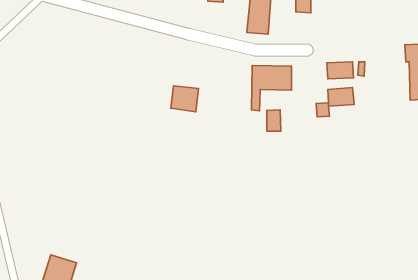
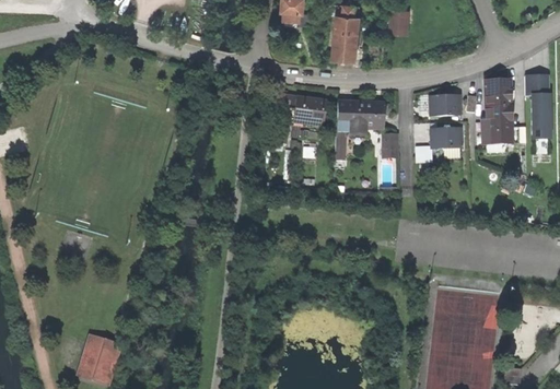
building: none -> [480,79,514,145]
building: [171,86,198,112] -> [293,95,327,127]
building: [267,110,281,131] -> [382,132,399,158]

